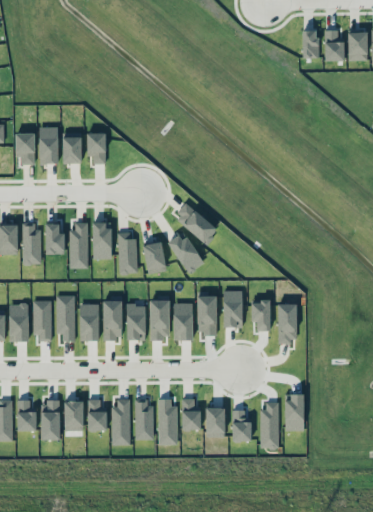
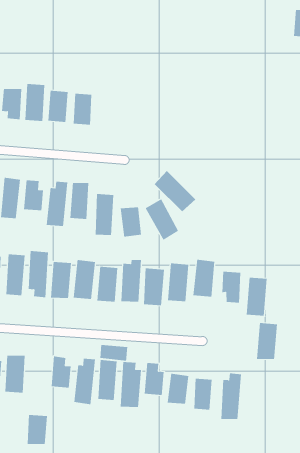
building: none -> [100,344,128,362]
building: [284,394,303,431] -> [256,323,278,360]
building: [63,401,83,431] -> [27,414,48,445]

